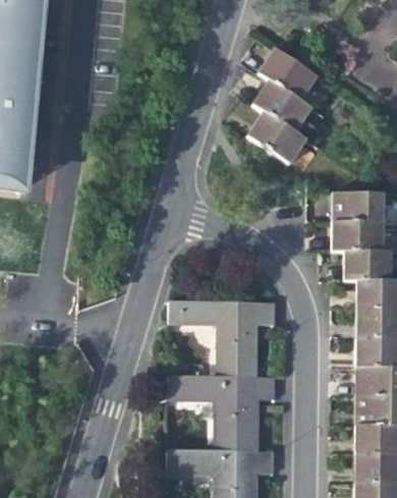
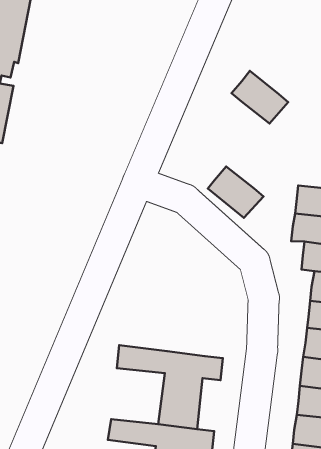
building: [263,54,320,105] -> none
building: [250,116,307,166] -> [208,166,263,218]
building: [171,301,277,377] -> none

